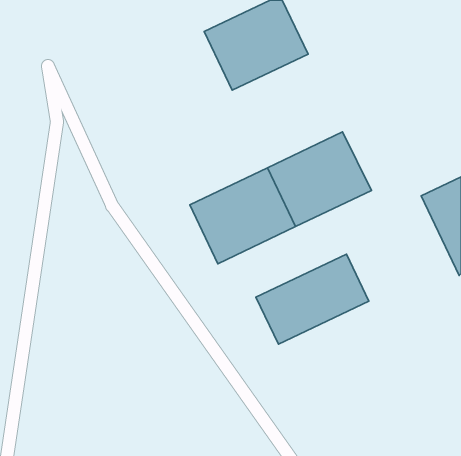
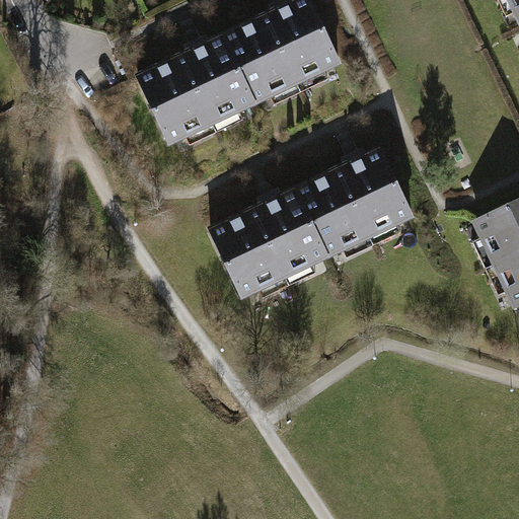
building: none -> [142,42,261,150]
building: [256,254,369,344] -> none

